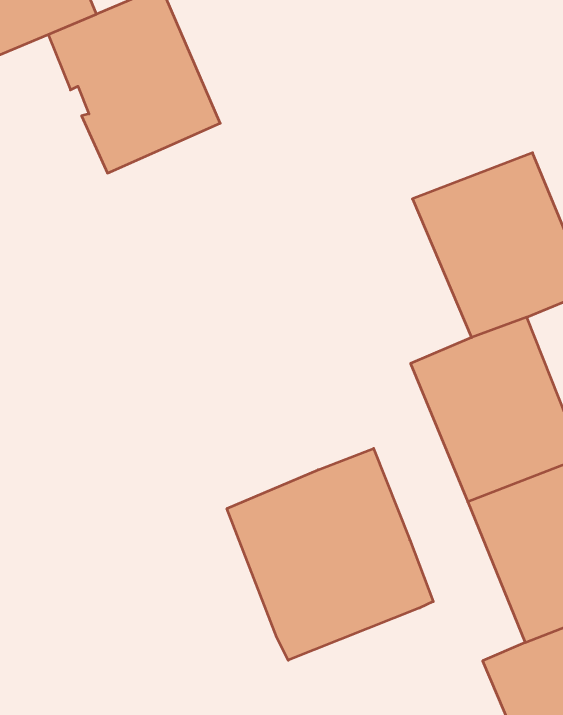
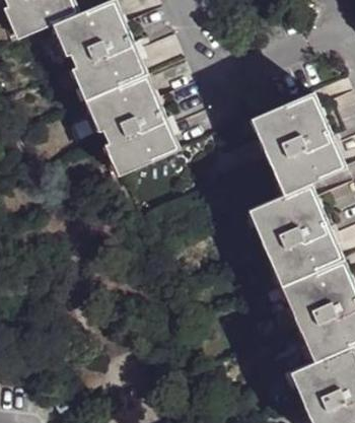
building: none -> [83,76,176,175]
building: [227,448,433,660] -> none

